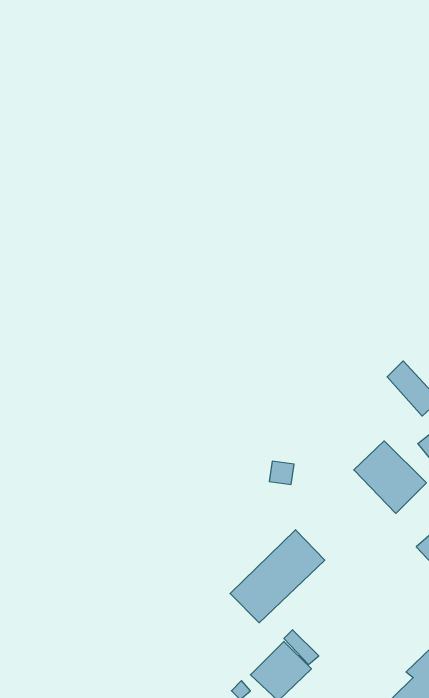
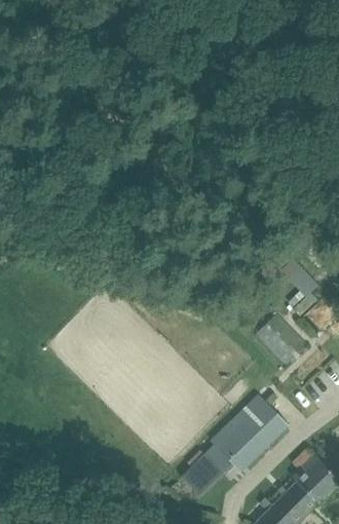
building: [230,530,325,623] -> [220,403,287,469]

